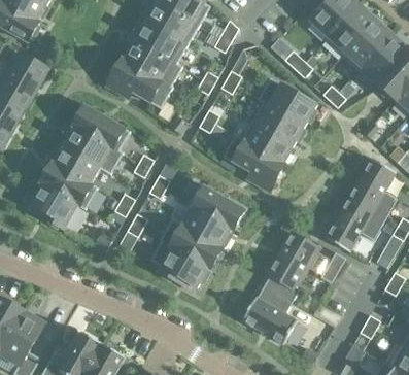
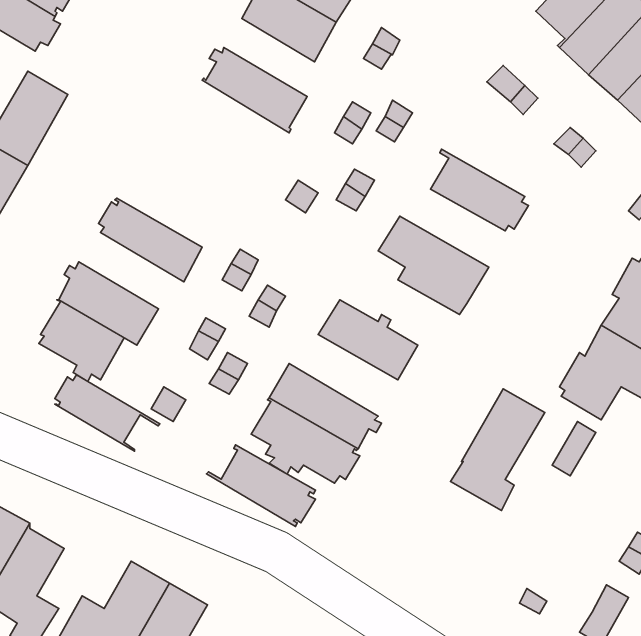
building: [133,24,186,68] -> none
building: [107,59,172,108] -> none
building: [259,77,318,125] -> none
building: [74,105,131,154] -> none
building: [235,121,297,165] -> none
building: [53,145,112,189] -> [55,375,160,451]
building: [172,203,234,249] -> [207,445,315,526]
building: [243,286,298,344] -> none

